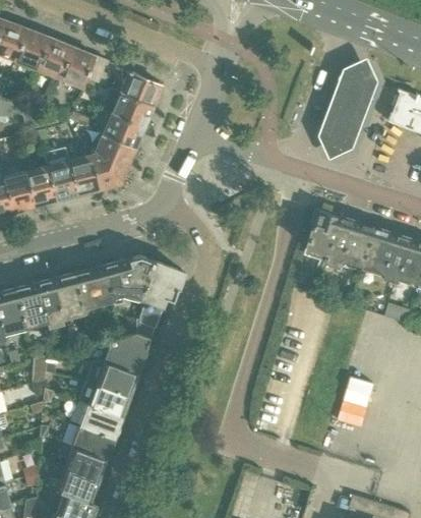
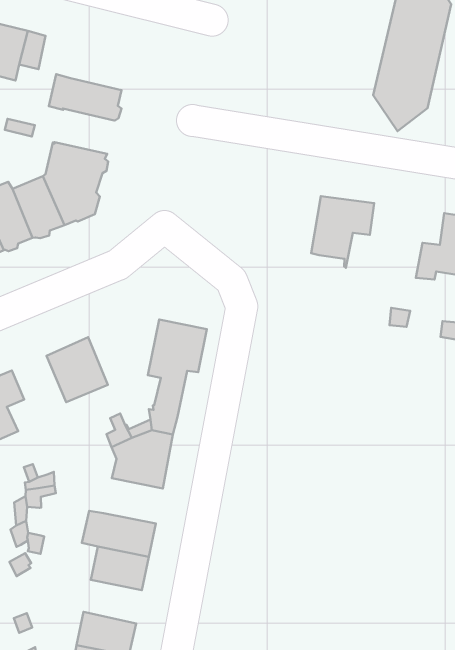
building: [119,71,163,106] -> none
building: [102,112,143,147] -> none
building: [305,211,352,261] -> [311,196,374,268]
building: [104,256,153,304] -> none
building: [43,274,83,326] -> none
building: [86,361,137,396] -> none
building: [72,426,113,460] -> none

